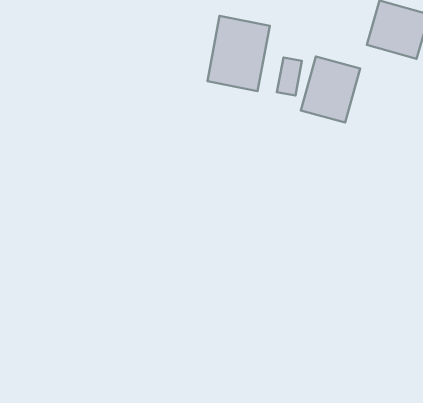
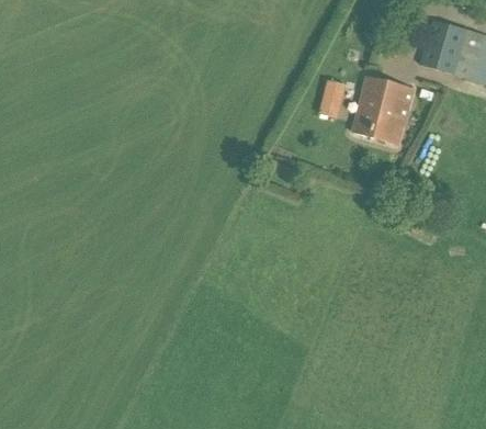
building: [207,16,270,91] -> none

